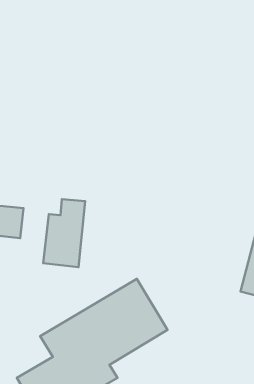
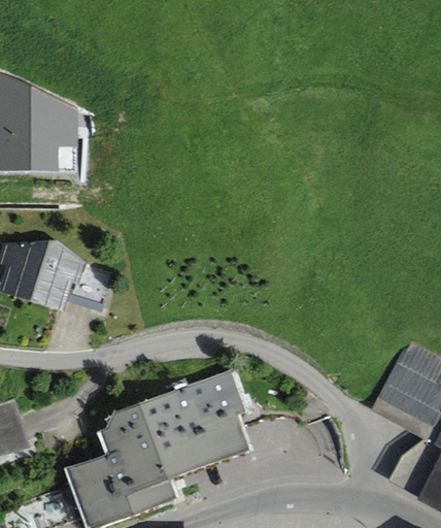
building: [43,199,85,267] -> none

